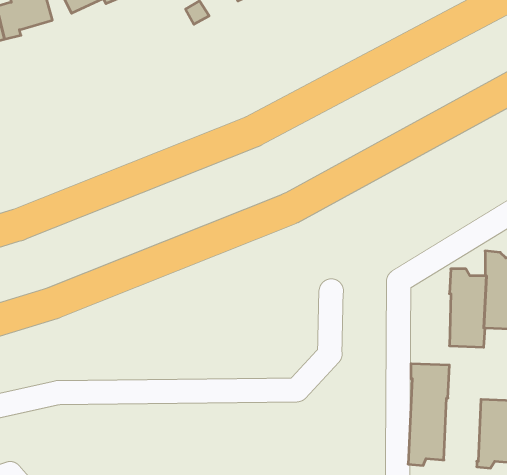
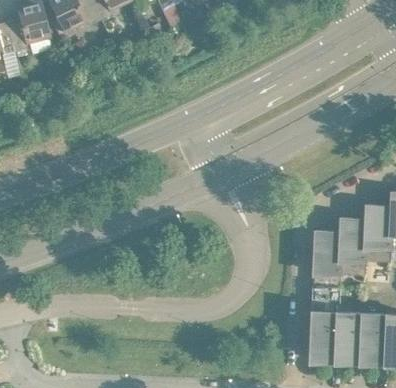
building: none -> [311,231,340,288]
building: none -> [334,312,362,362]

